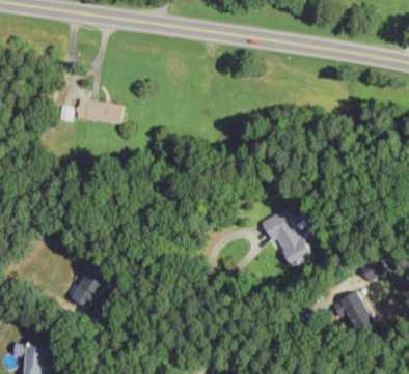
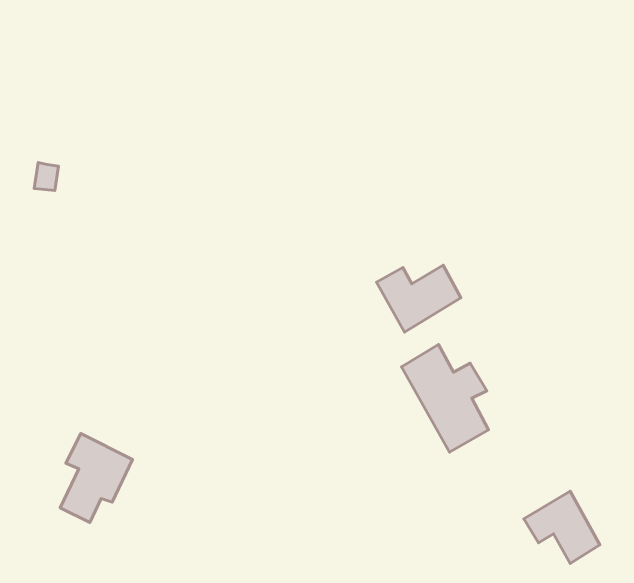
building: [75,100,120,125] -> none
building: none -> [376,265,461,332]

